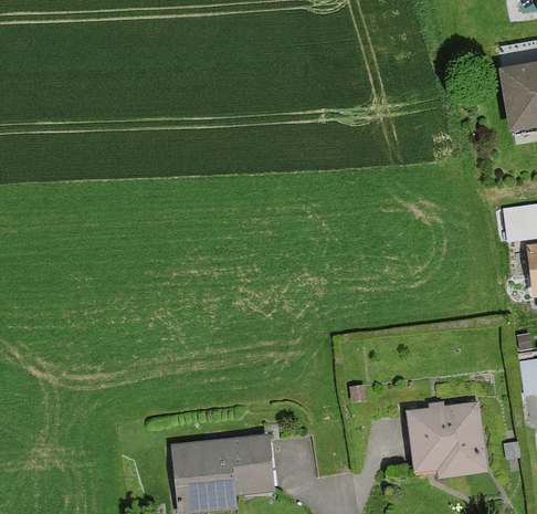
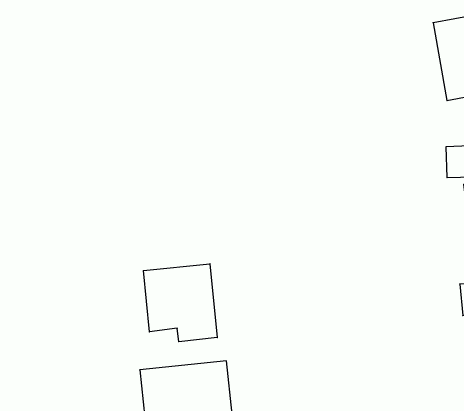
building: none -> [143,264,217,342]
building: [412,399,492,478] -> none

